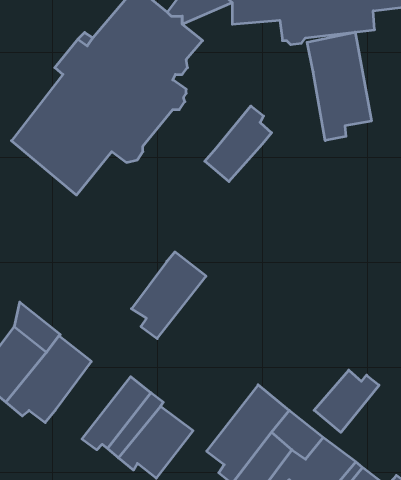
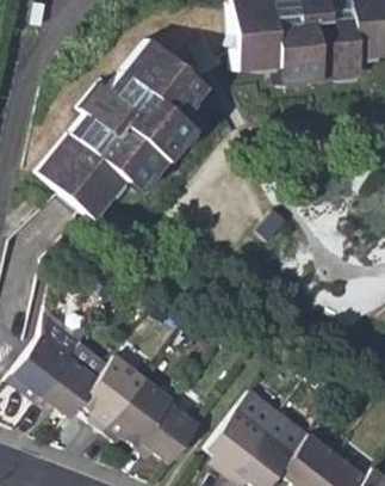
building: [307,32,371,141] -> none
building: [205,106,272,182] -> none
building: [131,252,206,339] -> [77,358,143,435]
building: [314,370,379,432] -> none

